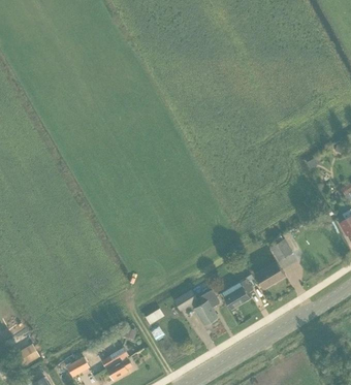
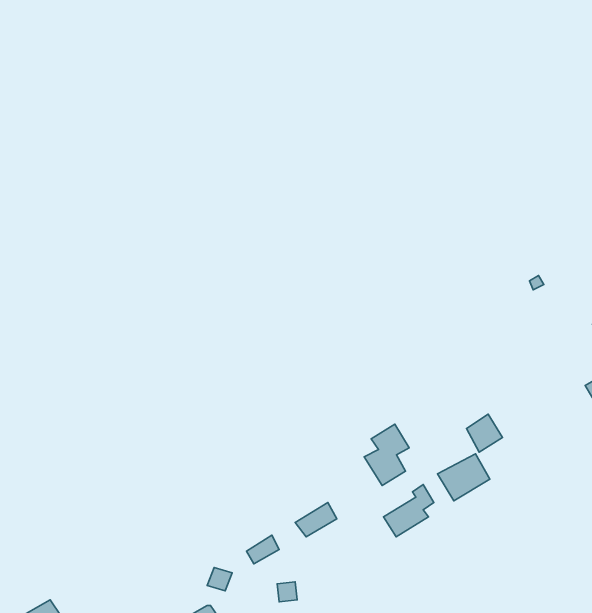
building: [194,290,220,325] -> [364,424,409,486]

